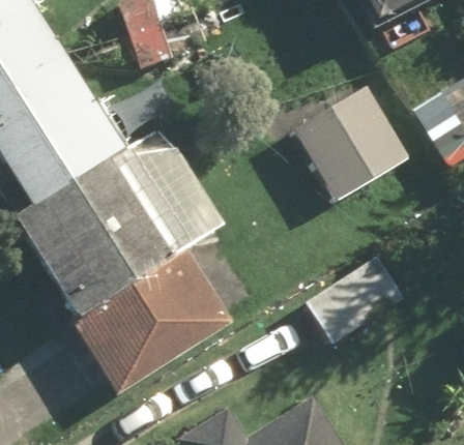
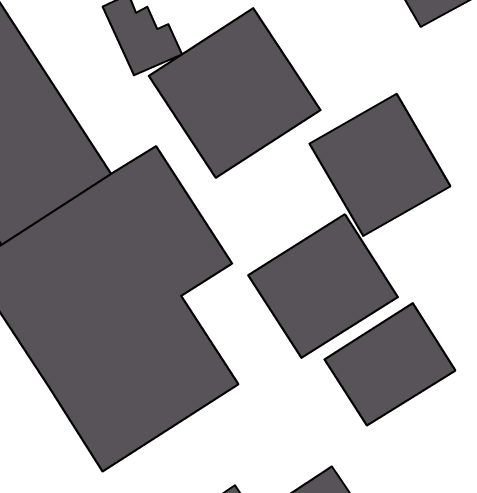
building: none -> [149,8,321,178]
building: none -> [248,214,398,358]

